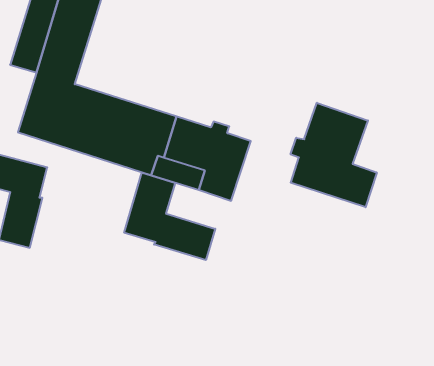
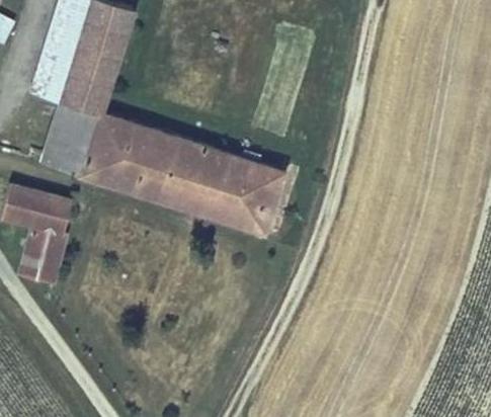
building: [291,103,377,207] -> none
building: [124,172,215,260] -> none

